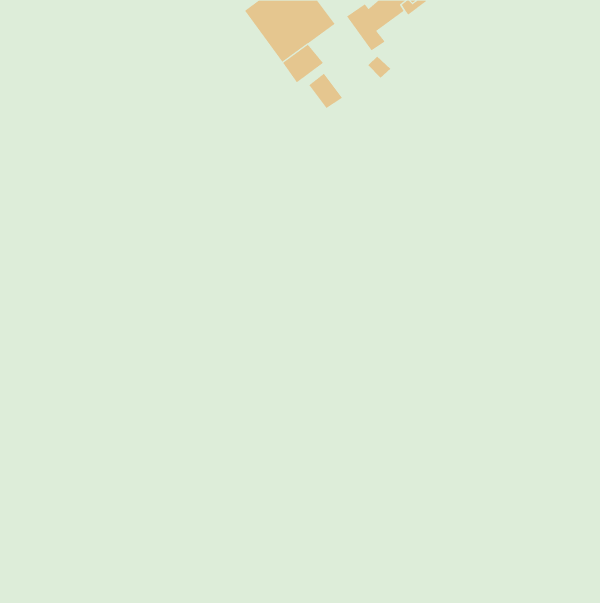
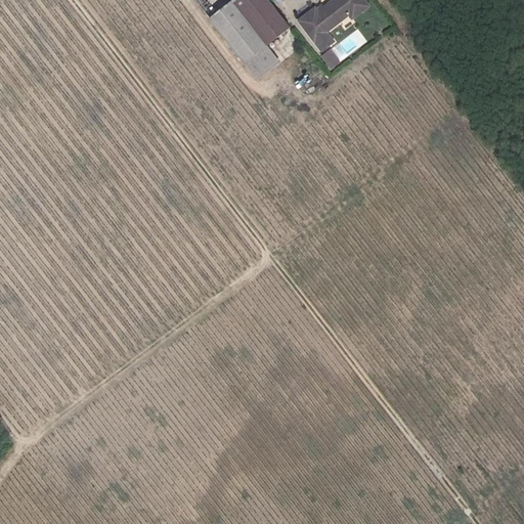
building: [309,73,343,109] -> none

